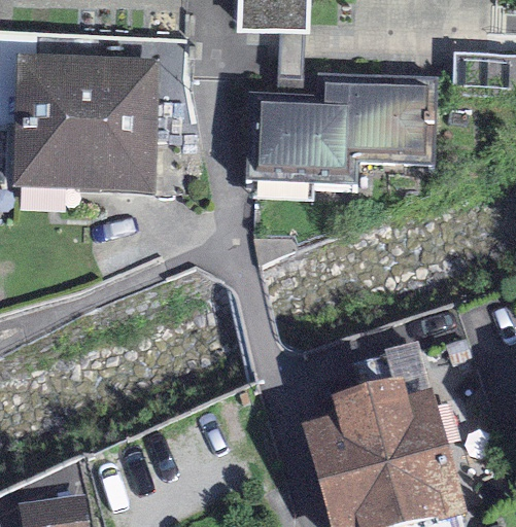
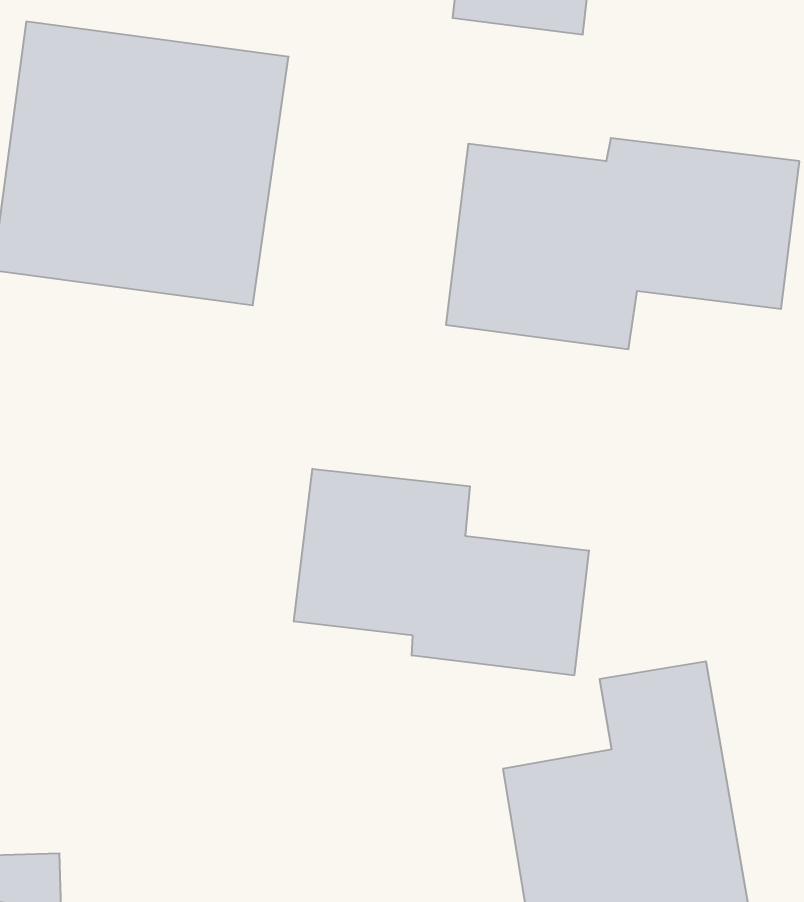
building: none -> [294,469,589,675]

